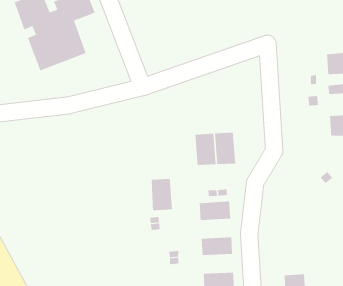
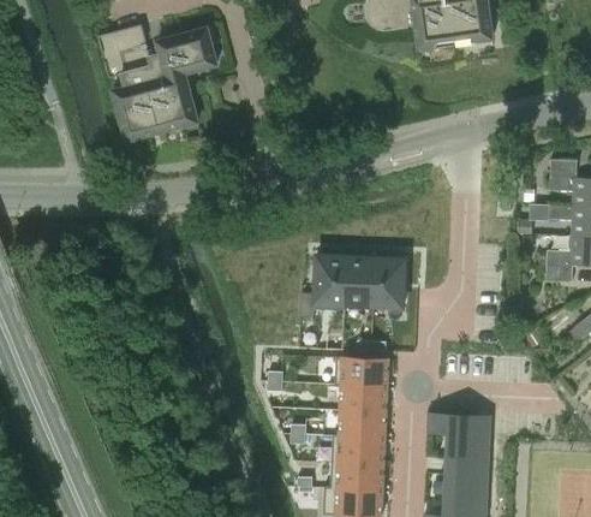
building: [151,178,173,211] -> [315,256,346,303]
building: none -> [340,384,387,412]
building: none -> [429,415,490,475]
building: none -> [338,435,384,464]

